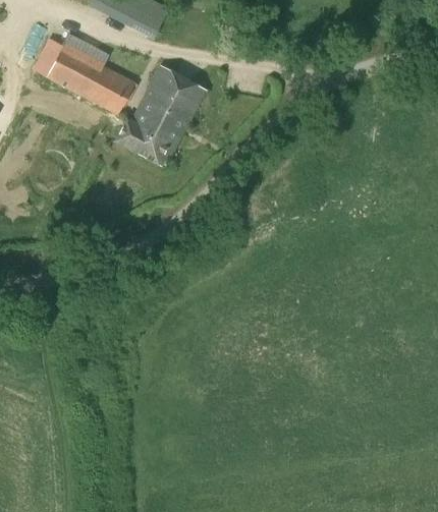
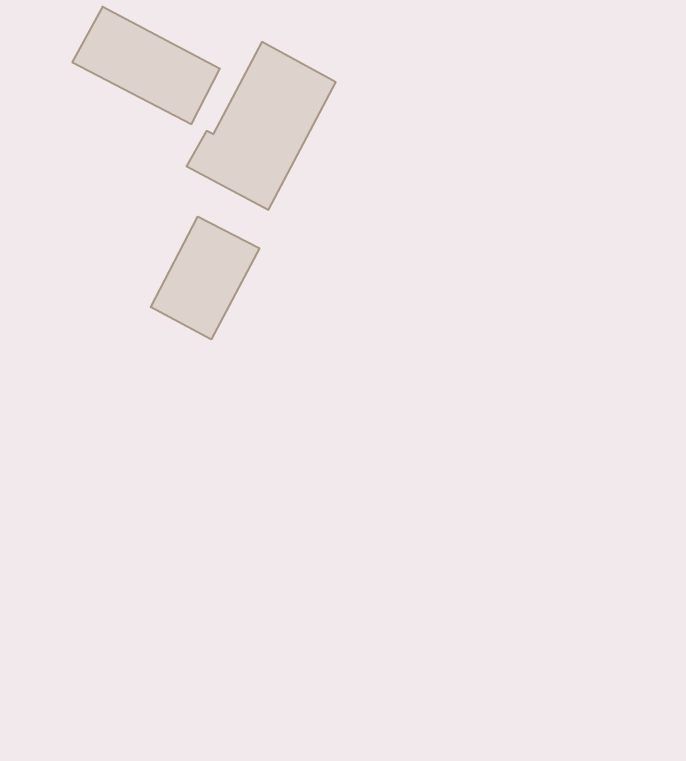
building: none -> [151,217,259,339]

